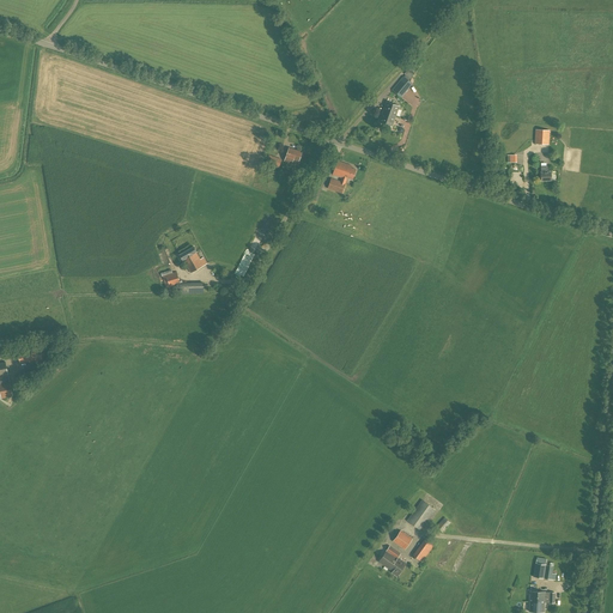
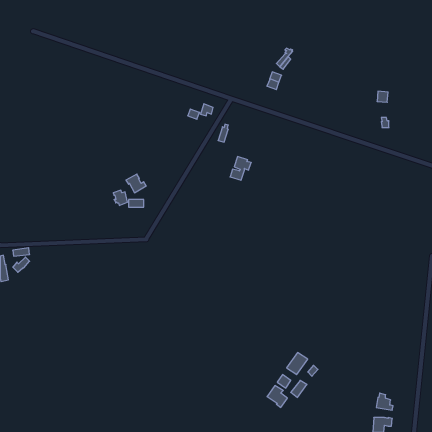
building: [327,160,357,194] -> [230,157,251,180]

